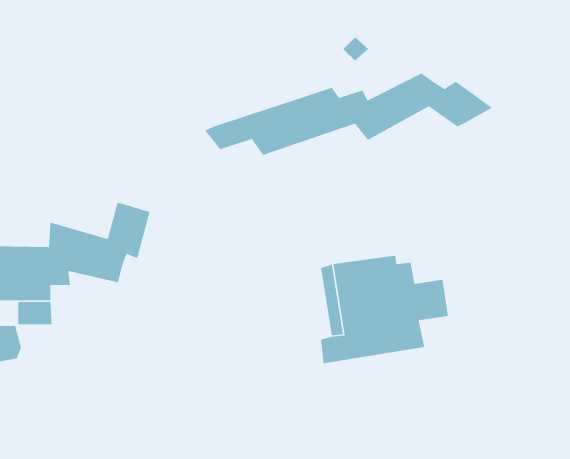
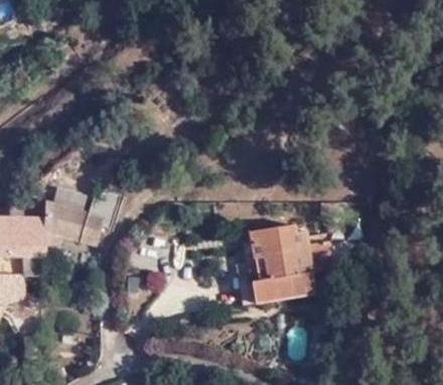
building: [204,73,493,156] -> none

